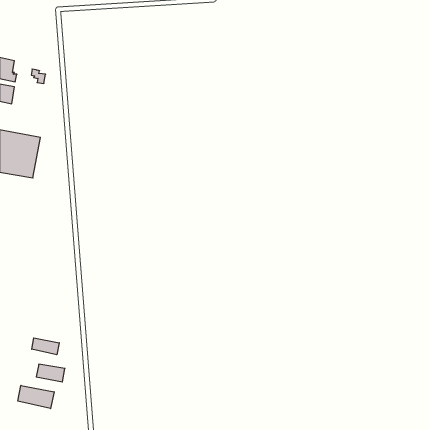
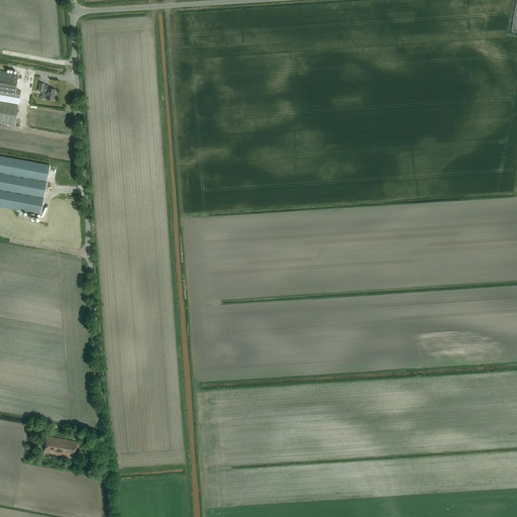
building: [32,338,59,355] -> none
building: [18,385,54,409] -> none

